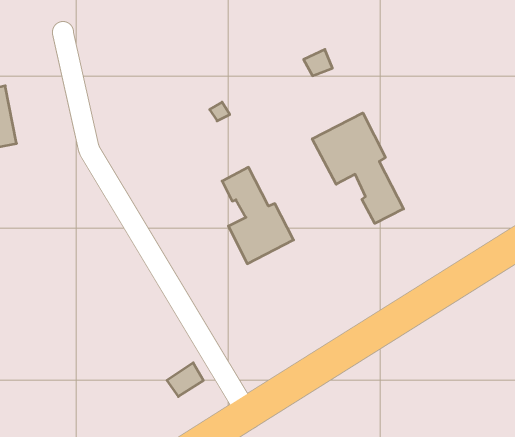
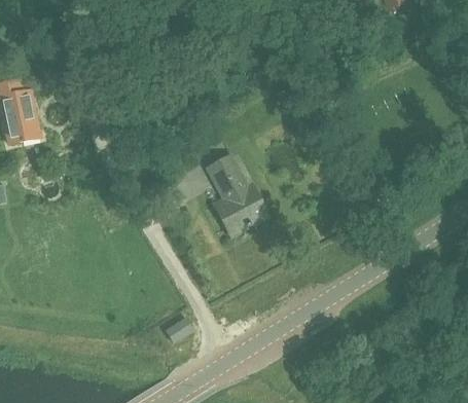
building: [312,113,404,223] -> none

